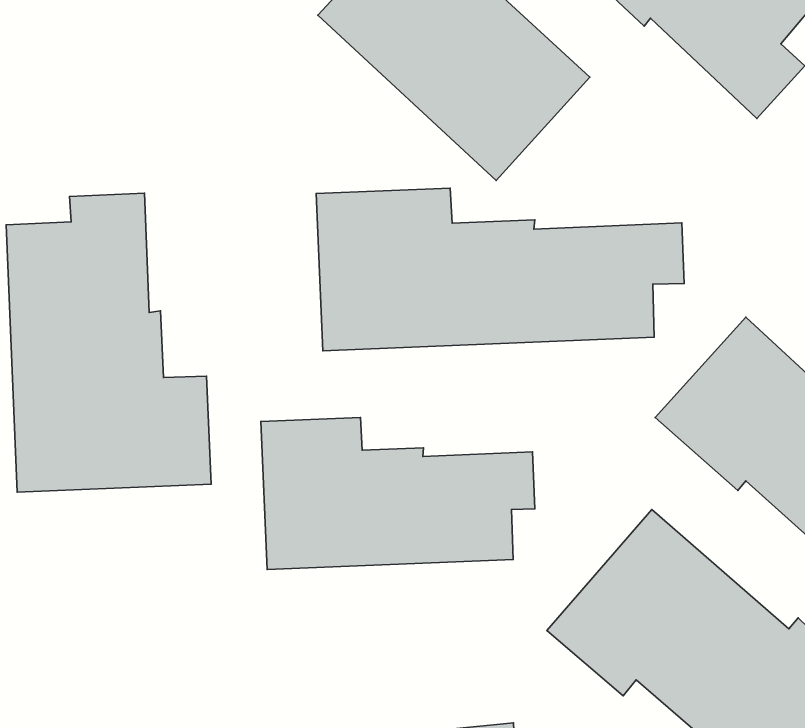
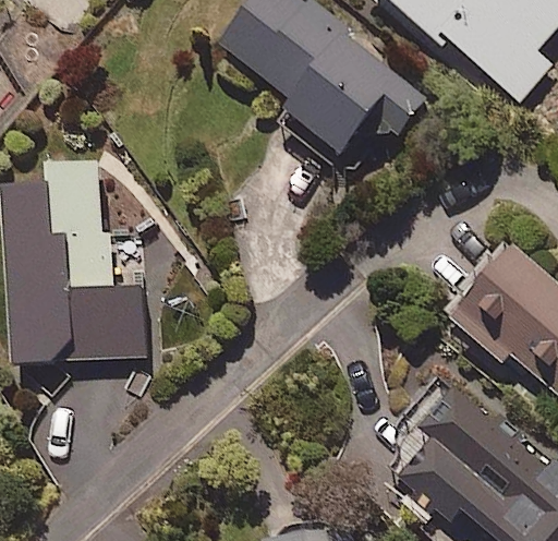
building: [316,188,684,351] -> none
building: [261,417,535,570] -> none

